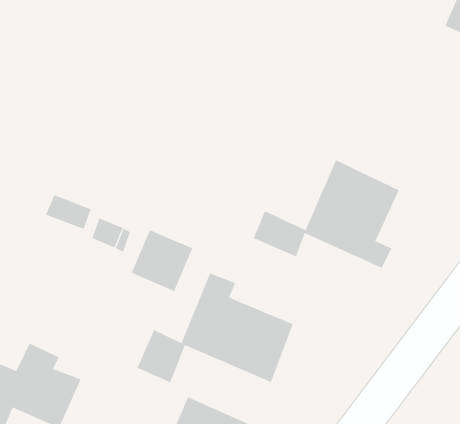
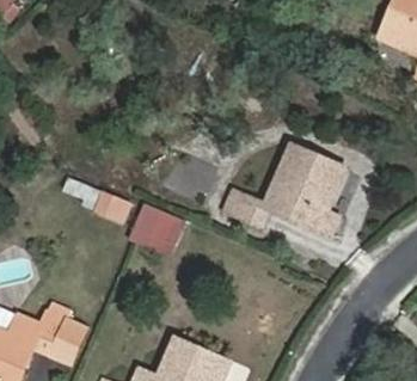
building: [137,273,293,383] -> none

